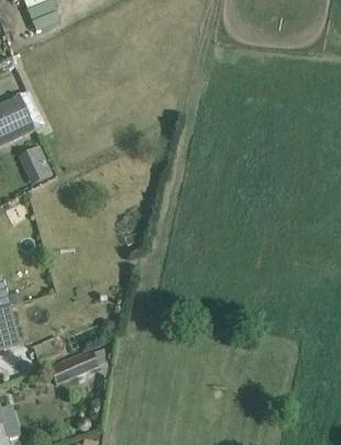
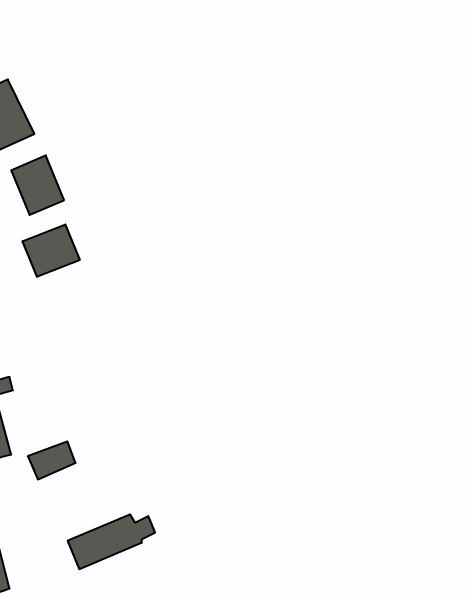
building: none -> [23,224,80,277]
building: [47,347,106,383] -> [68,514,155,569]

